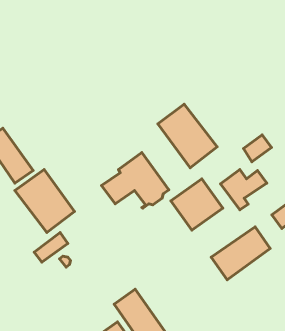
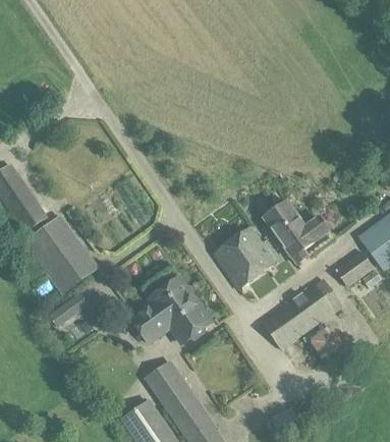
building: [158,104,217,168] -> none
building: [244,135,271,162] -> [263,200,296,232]
building: [102,153,169,208] -> [129,277,211,344]
building: none -> [300,322,335,356]

